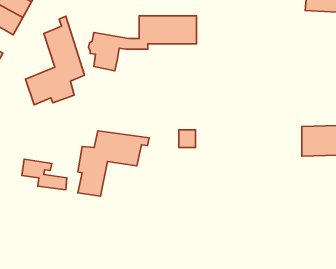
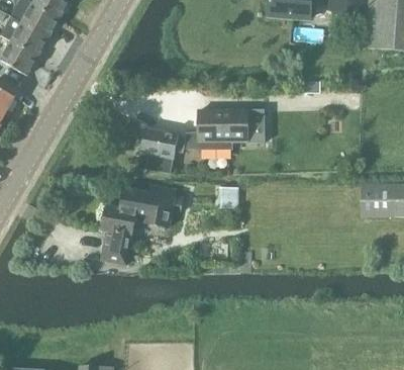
building: [89,16,197,71] -> [139,109,265,173]
building: [26,16,84,105] -> none
building: [22,159,67,190] -> none

